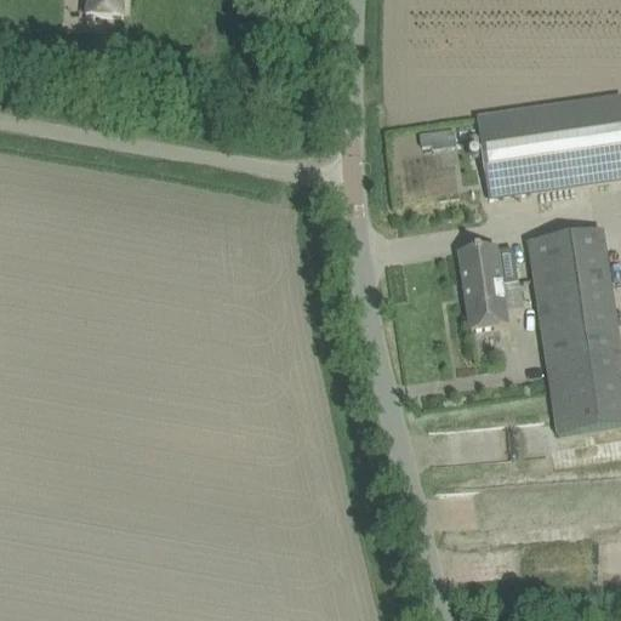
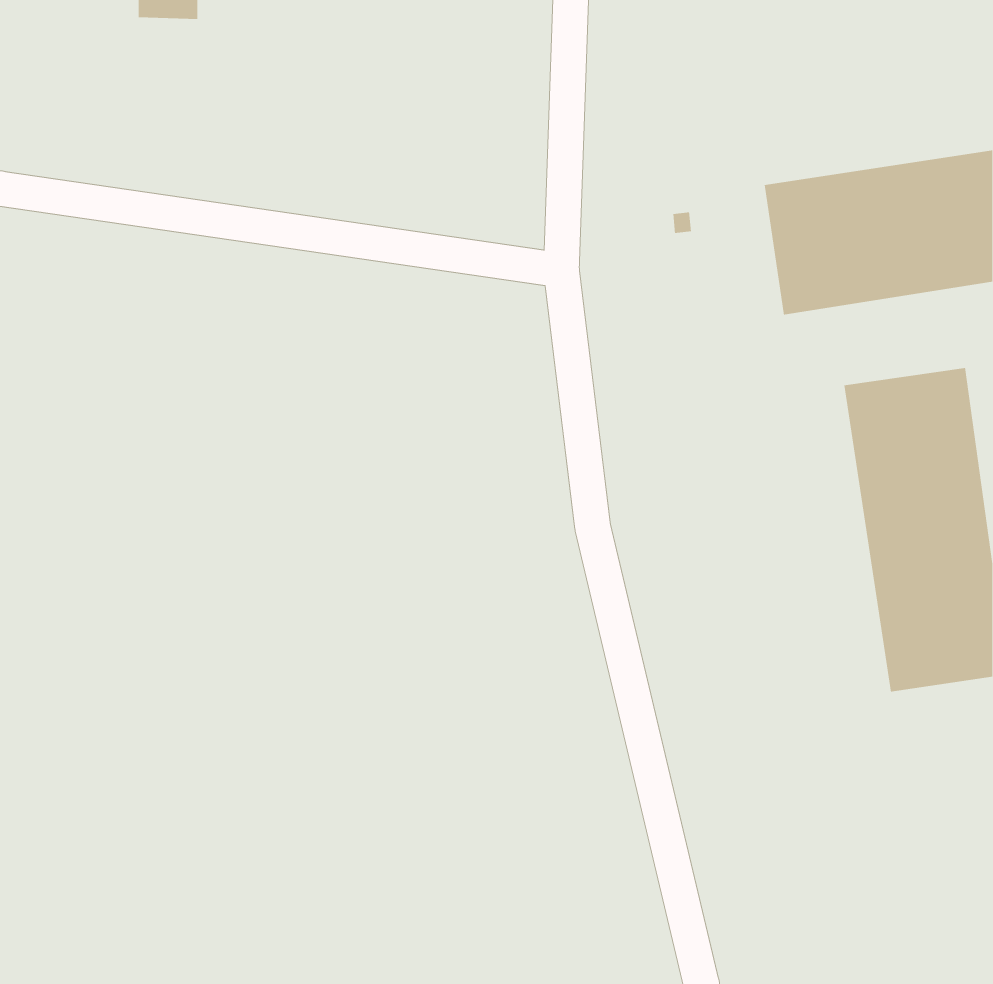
building: [460,245,520,329] -> none

